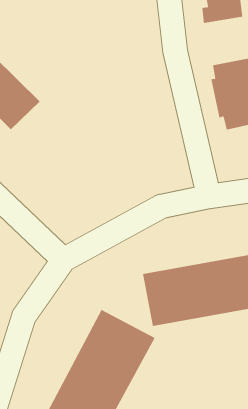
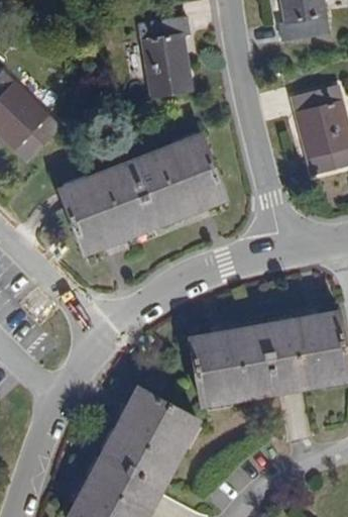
building: none -> [137,17,188,100]
building: none -> [64,138,231,266]

